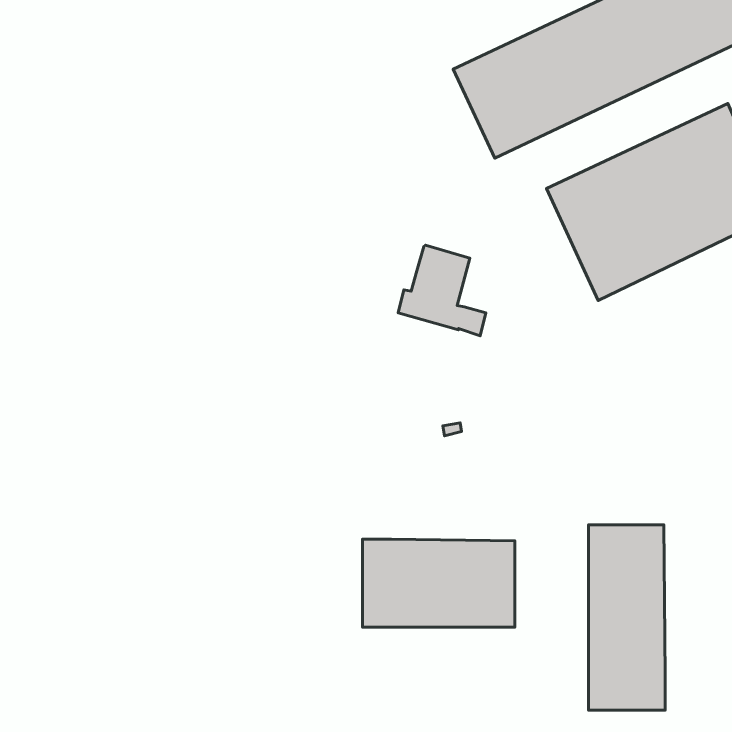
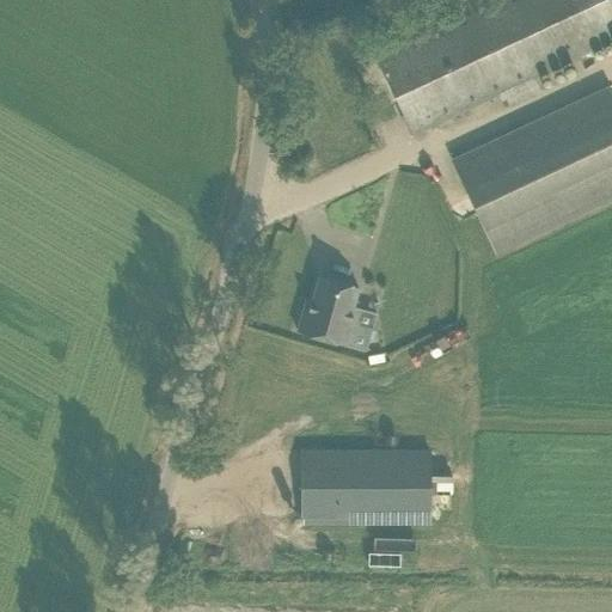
building: [398,245,486,336] -> [299,274,372,349]
building: [588,525,665,710] -> none

